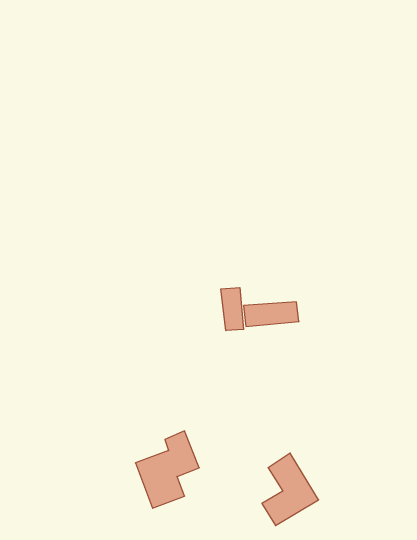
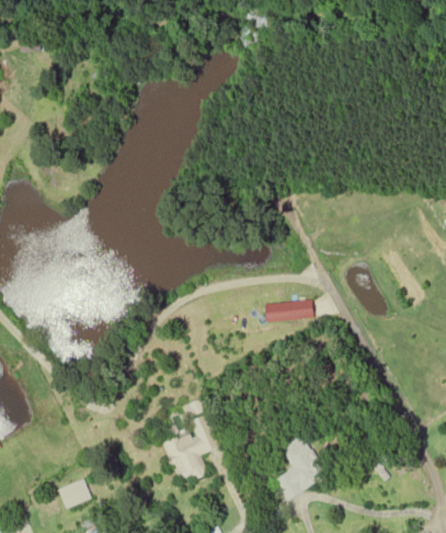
building: [221,288,244,331] -> none
building: none -> [58,480,90,507]

